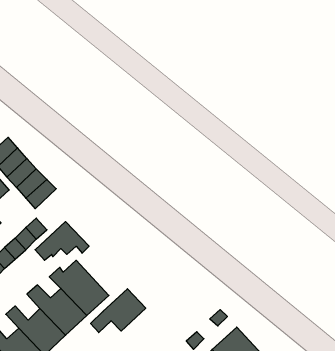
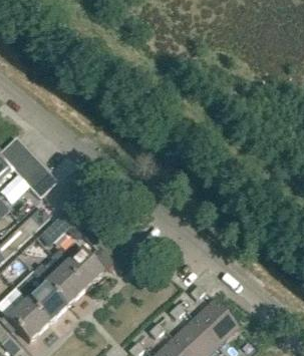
building: [91,289,146,333] -> none

